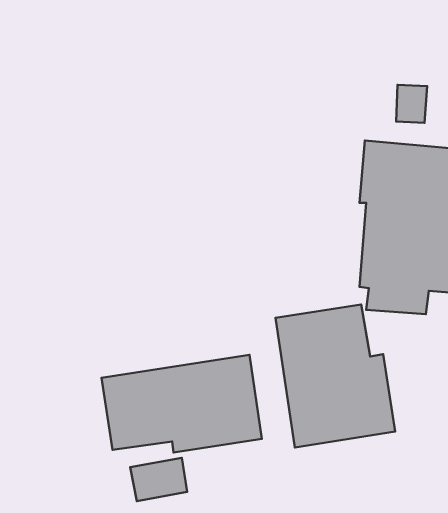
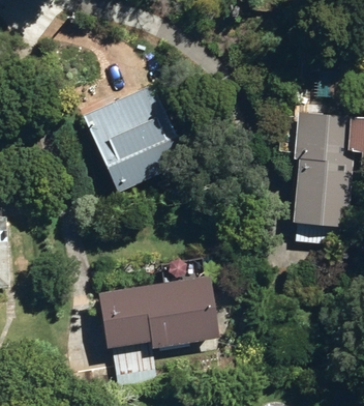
building: none -> [84,85,187,192]
building: [275,304,395,447] -> none

